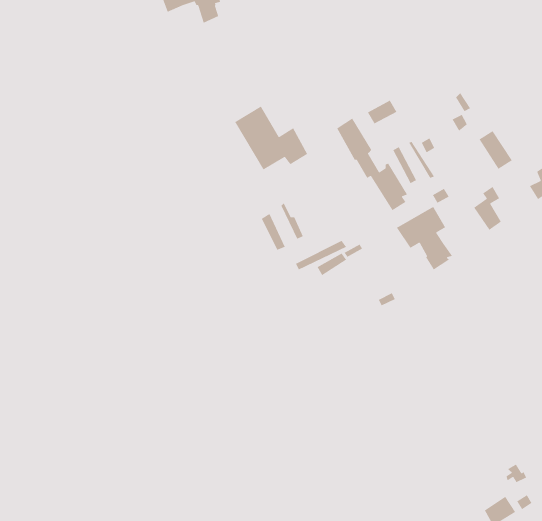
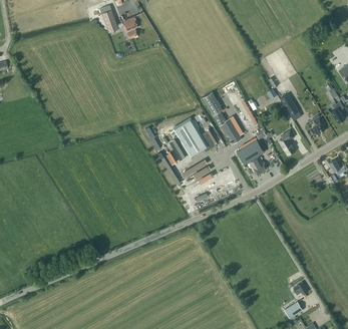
building: [234,106,308,170] -> [173,118,215,154]

